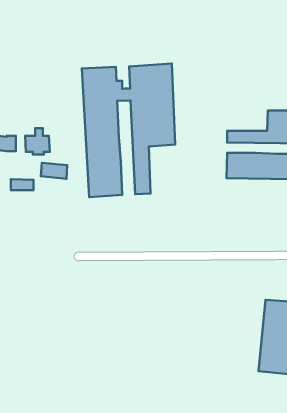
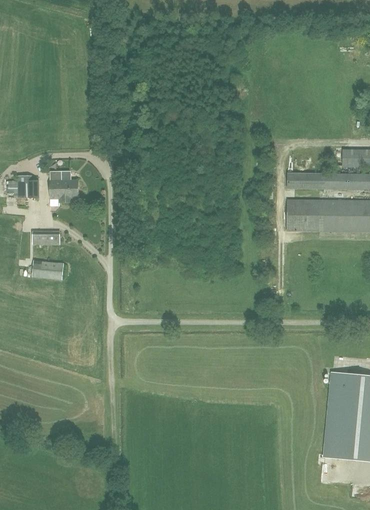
building: [82,64,175,197] -> none
building: [41,163,67,179] -> [32,260,63,279]

